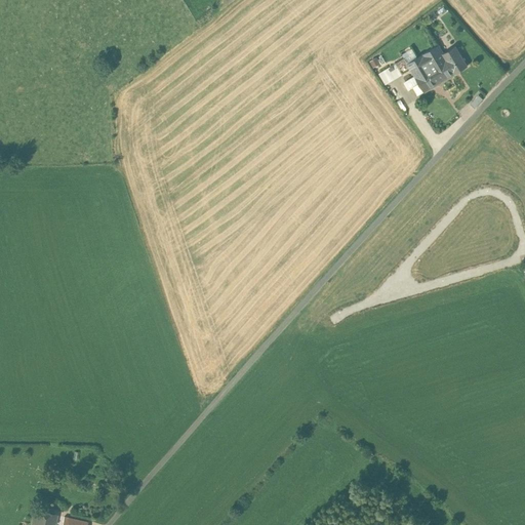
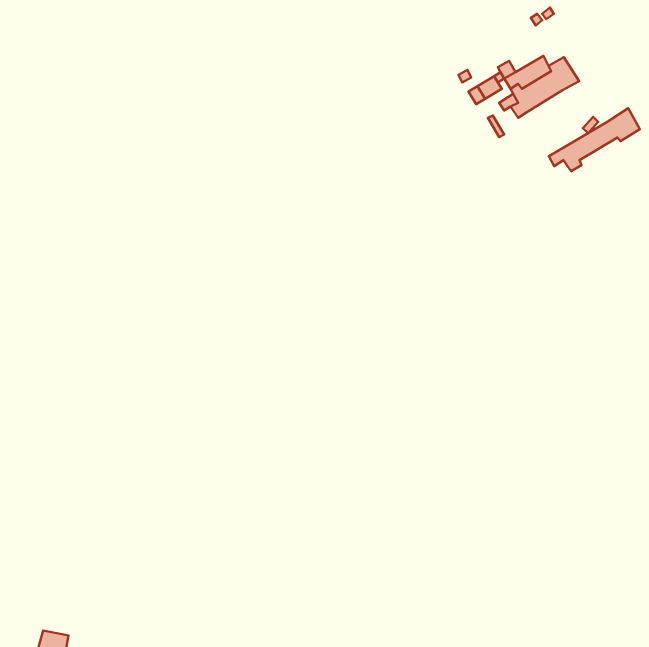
building: none -> [549,108,640,171]

